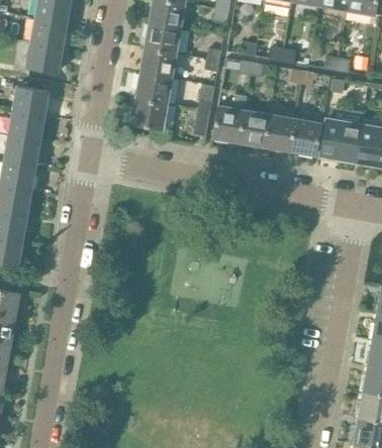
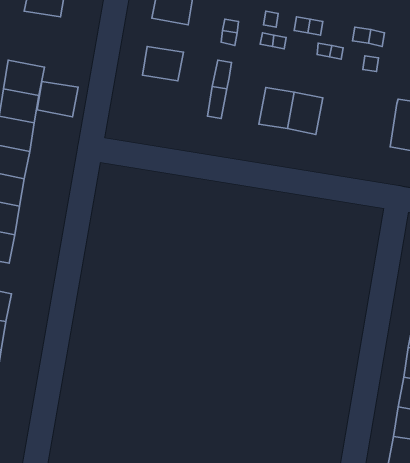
building: [26,42,63,74] -> [37,81,78,117]
building: [139,48,176,79] -> none
building: [212,95,247,142] -> none
building: [130,99,167,130] -> none
building: [319,118,361,162] -> none
building: [289,119,320,155] -> none

